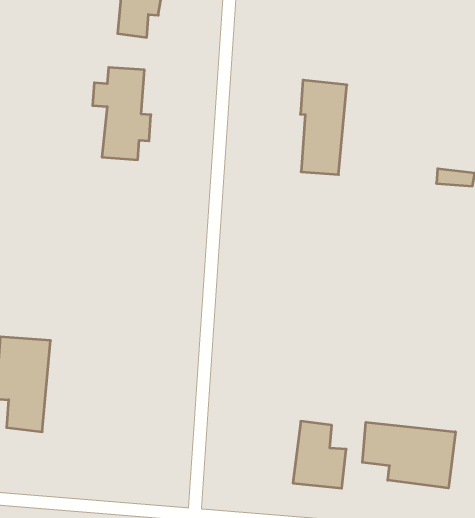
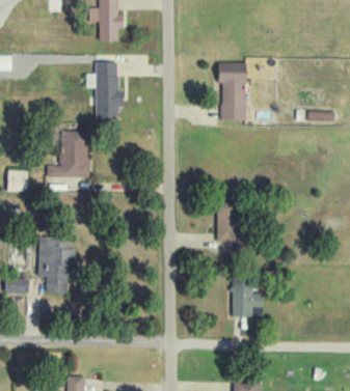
building: none -> [47,130,90,178]
building: none -> [216,206,238,242]
building: [362,422,455,488] -> none

